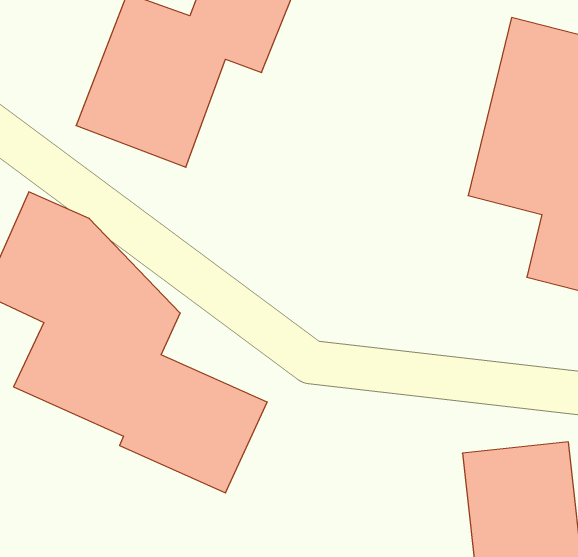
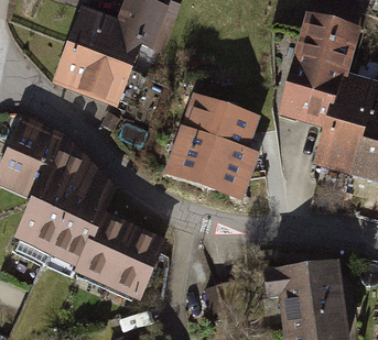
building: none -> [169,101,257,200]

